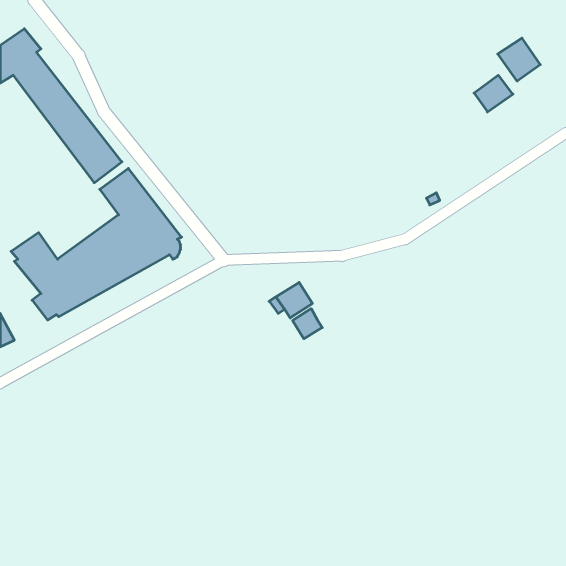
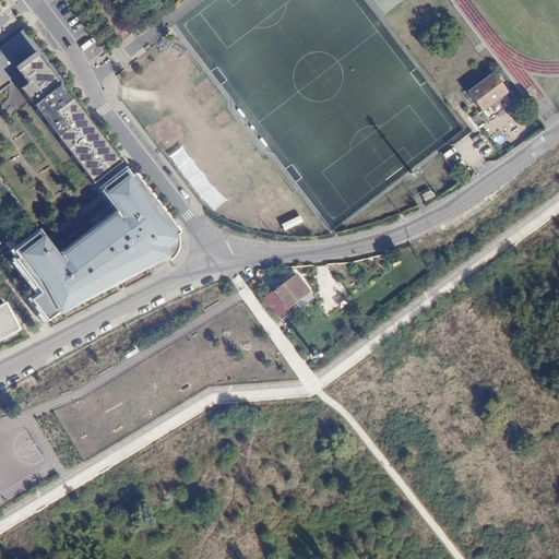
building: [498,38,540,81] -> none
building: [293,309,322,339] -> none

